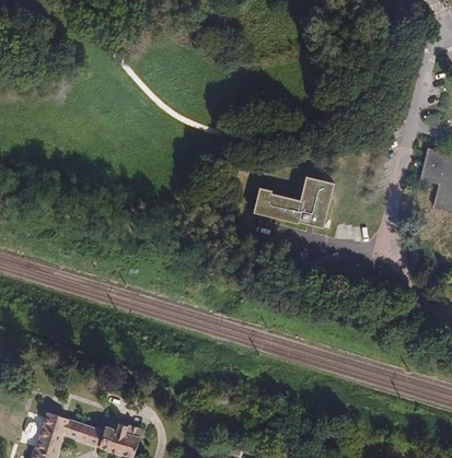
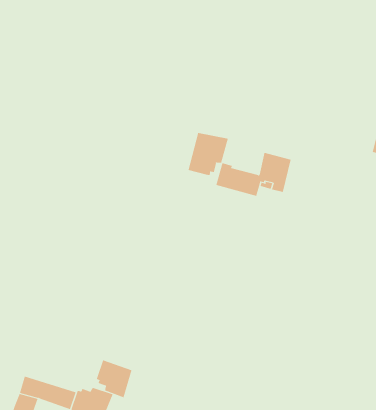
building: none -> [188,132,229,176]
building: none -> [96,360,132,398]

